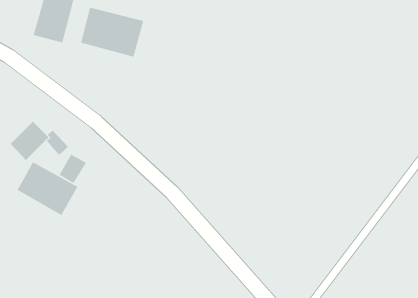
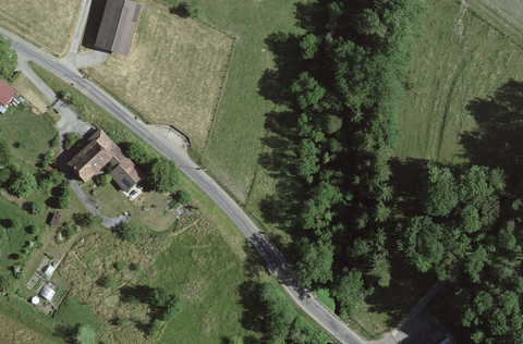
building: [80,7,144,58] -> none
building: [17,161,78,216] -> none

